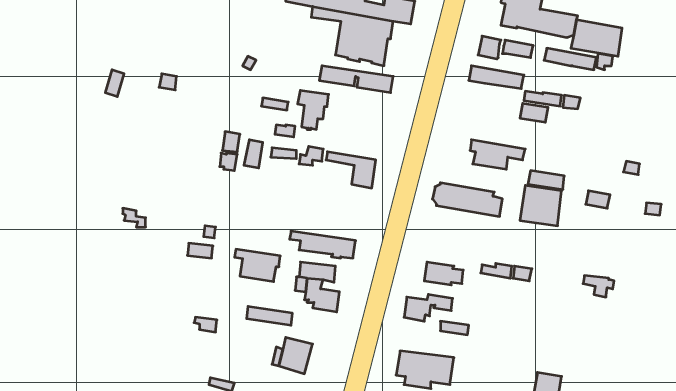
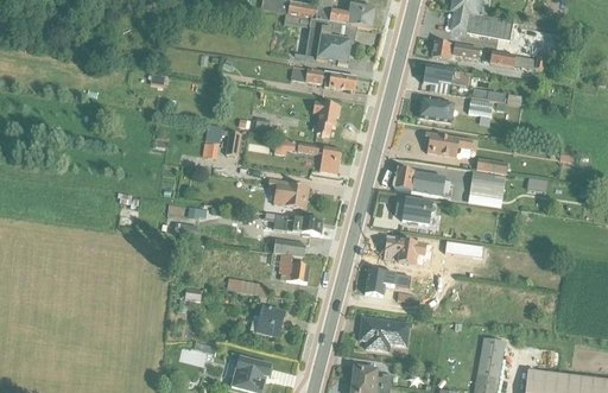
building: [298,90,329,129] -> [312,101,340,135]
building: none -> [419,99,454,121]
building: none -> [394,197,435,223]
building: [235,249,280,282] -> [268,179,309,208]

